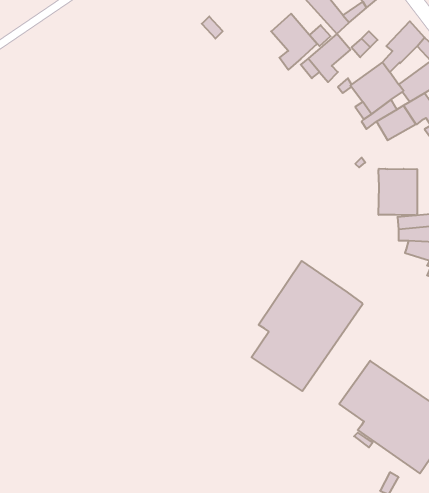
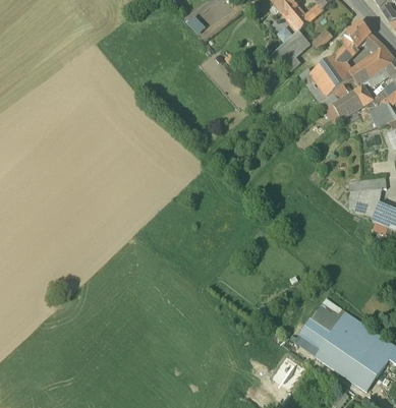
building: [271,14,317,70] -> none
building: [379,169,417,215] -> none
building: [252,261,363,391] -> none

